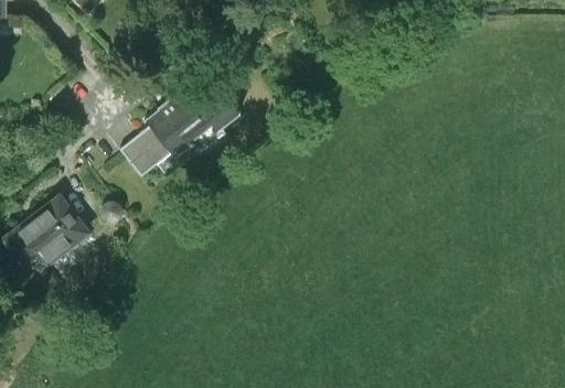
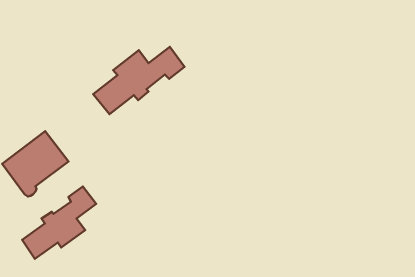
building: none -> [22,186,96,259]

